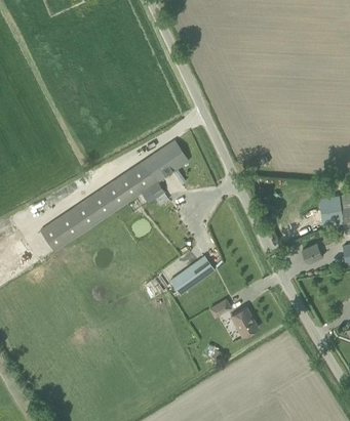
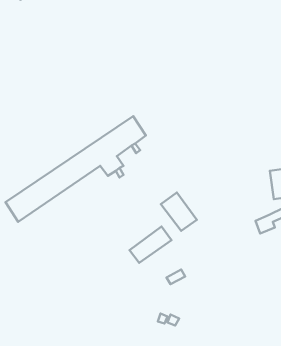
building: none -> [161,192,197,231]
building: [230,307,258,337] -> none

